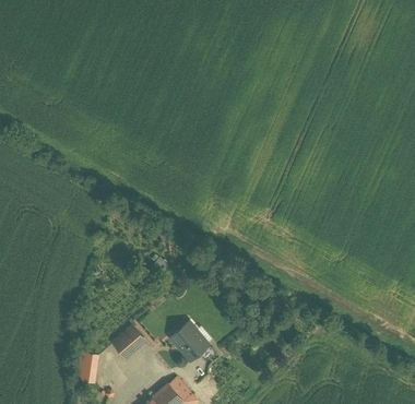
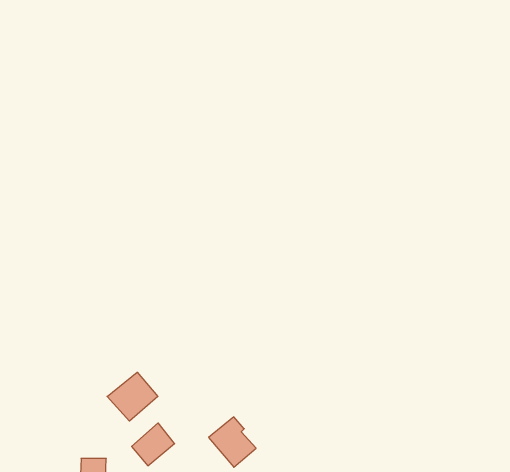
building: none -> [107,372,158,421]

